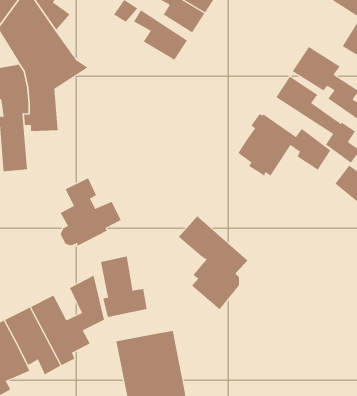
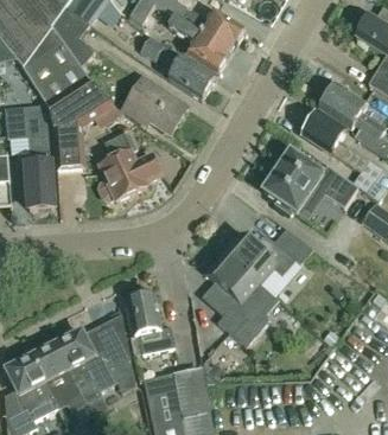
building: none -> [123,77,186,132]
building: [60,177,122,246] -> [100,129,161,198]
building: none -> [223,228,312,298]

